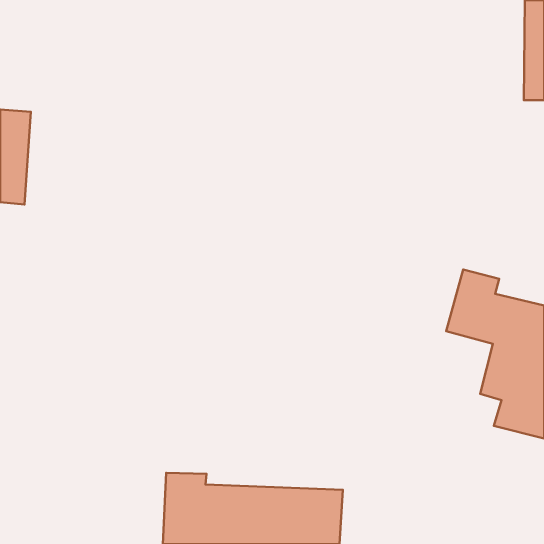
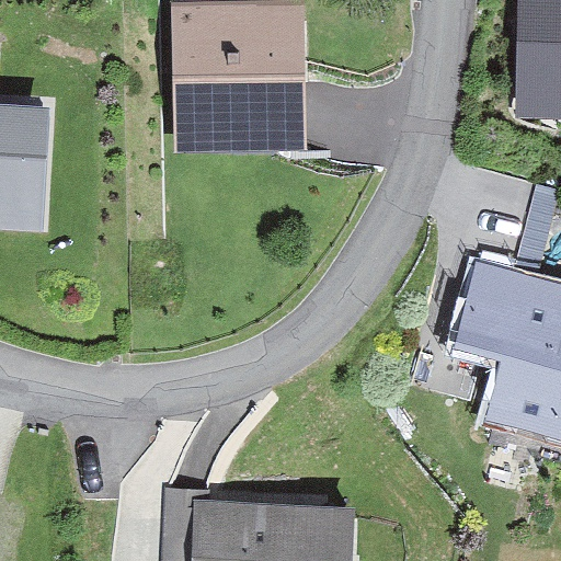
building: none -> [173,9,284,153]

